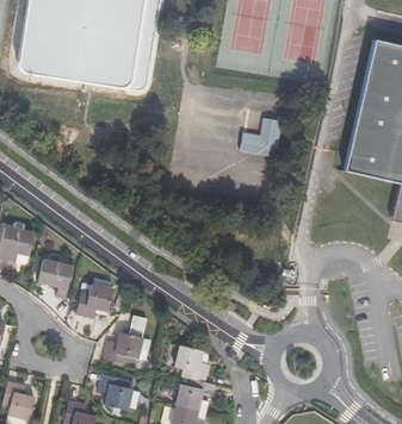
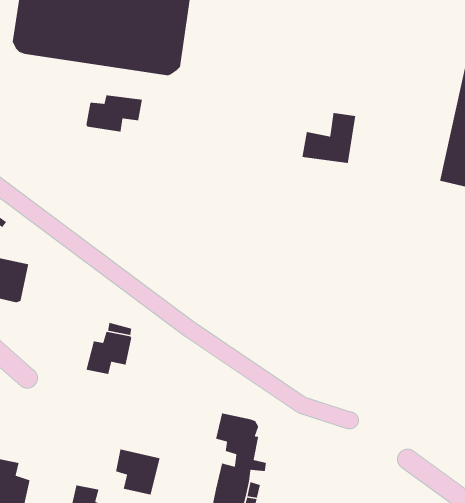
building: none -> [86,95,143,132]
building: [37,258,72,297] -> none
building: [104,331,141,366] -> none

